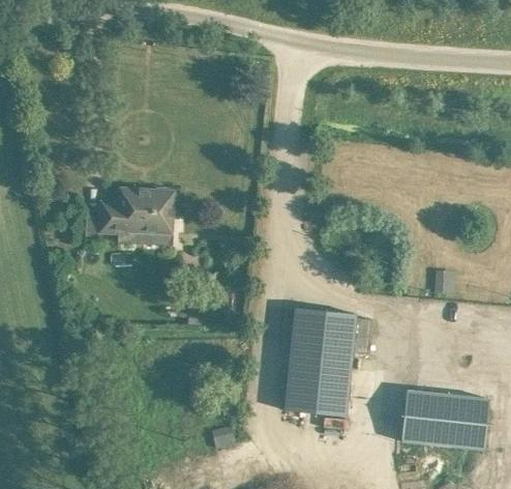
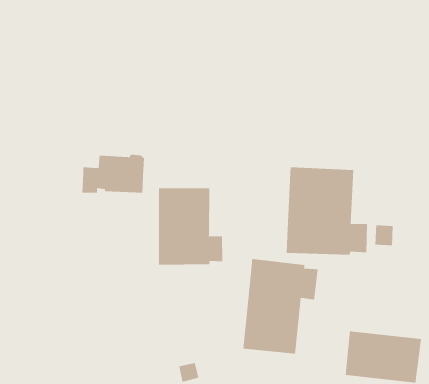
building: none -> [286,167,367,255]
building: none -> [158,188,223,266]

